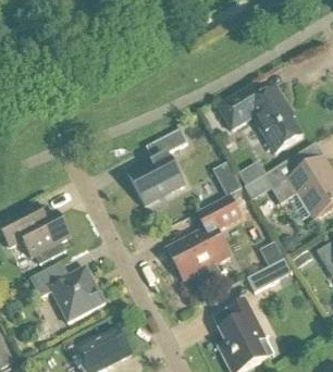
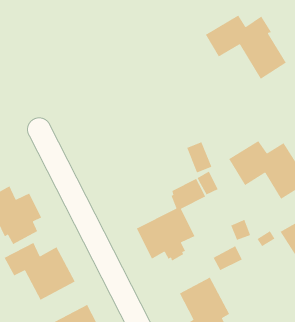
building: [217,85,301,152] -> [205,15,287,80]
building: [127,128,186,203] -> none

